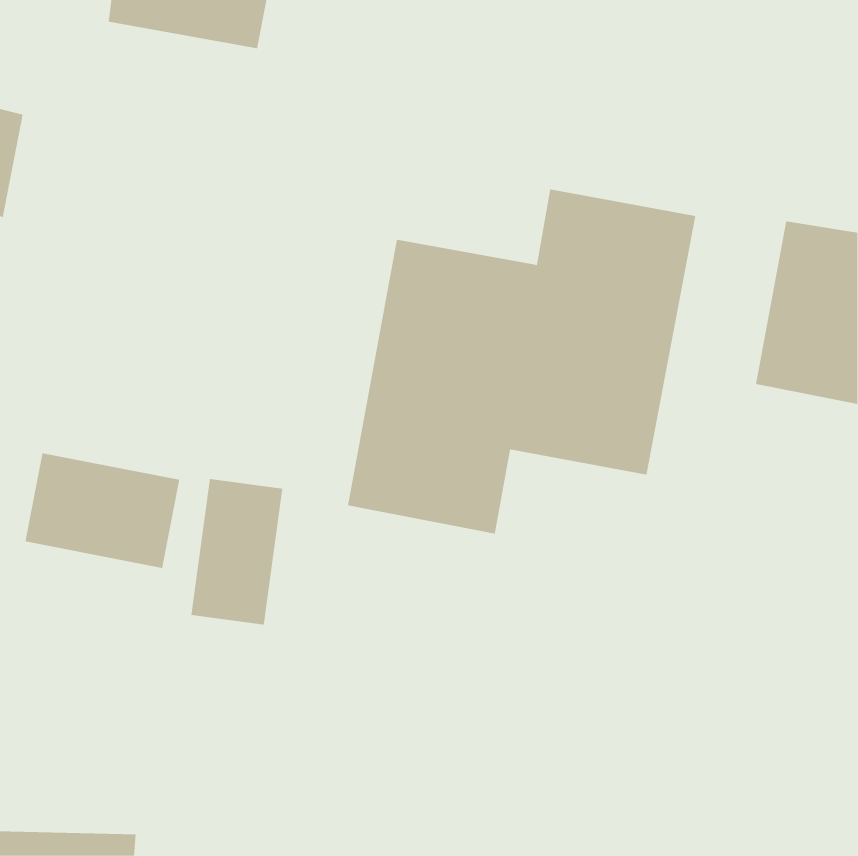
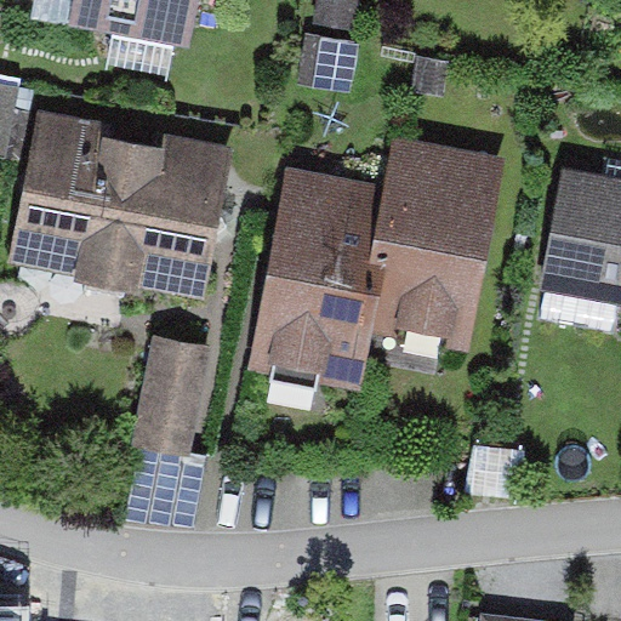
building: none -> [12,123,227,297]
building: [25,452,180,569] -> none

